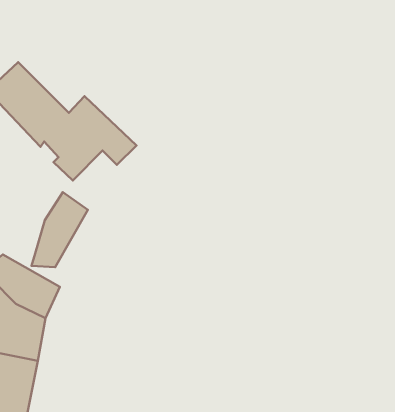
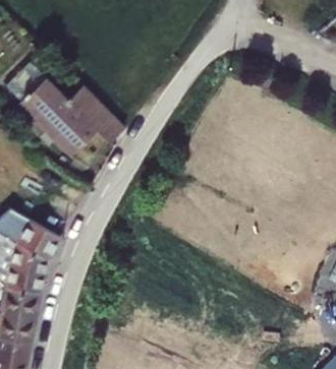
building: [32,192,88,267] -> none

